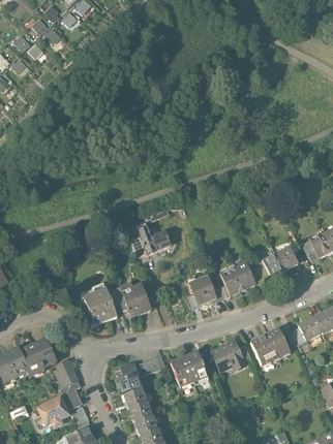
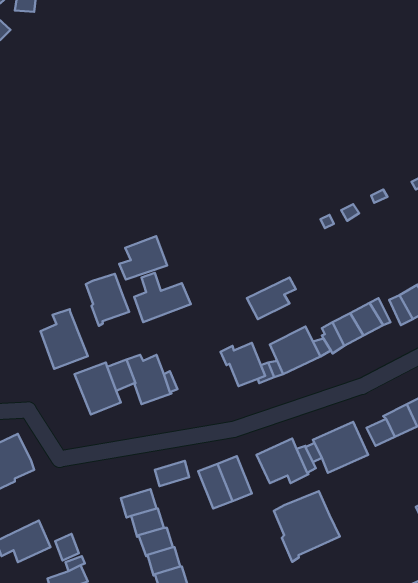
building: none -> [119,236,167,280]
building: none -> [86,274,129,326]
building: none -> [247,278,296,319]
building: none -> [40,309,88,369]
building: [55,357,80,386] -> none
building: none -> [274,491,340,562]

